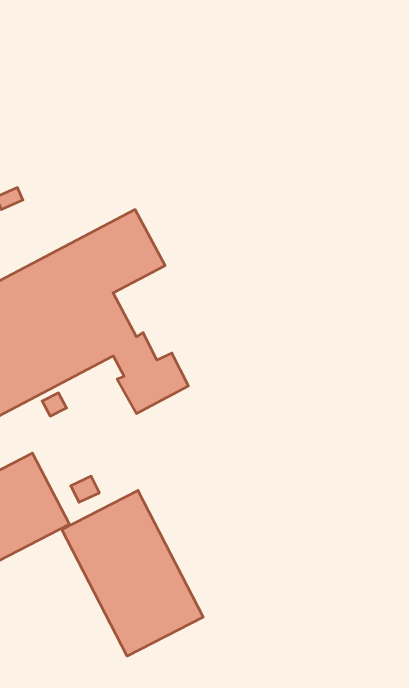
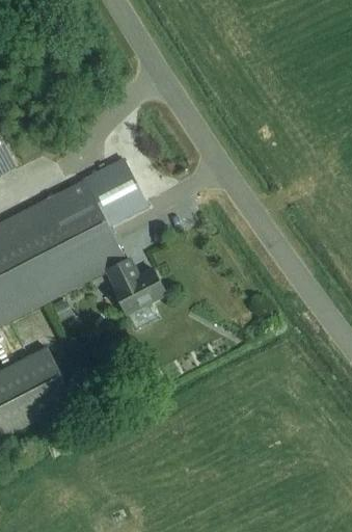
building: [62,490,203,656] -> none

